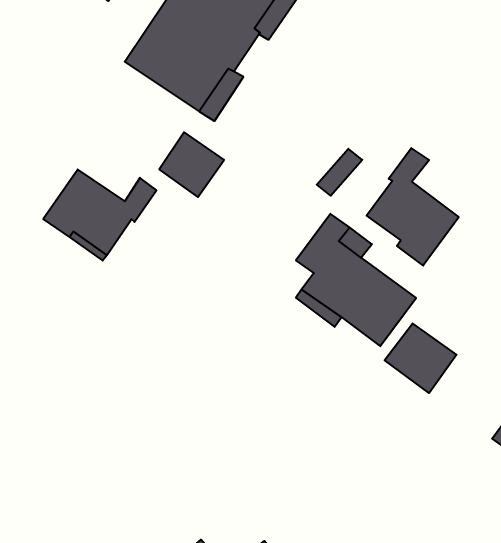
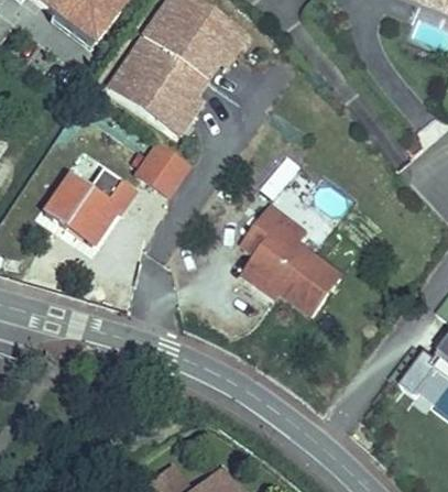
building: [367,148,459,266] -> none
building: [385,323,457,393] -> none

